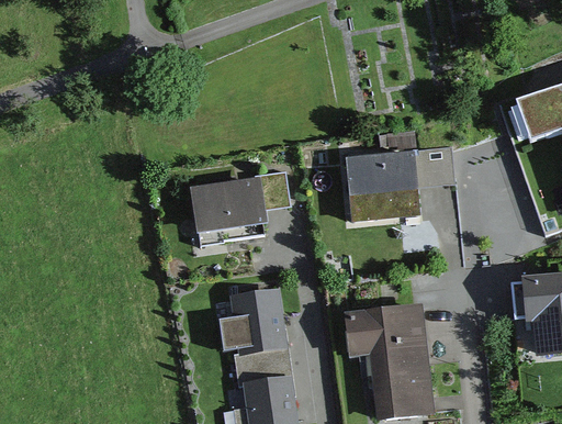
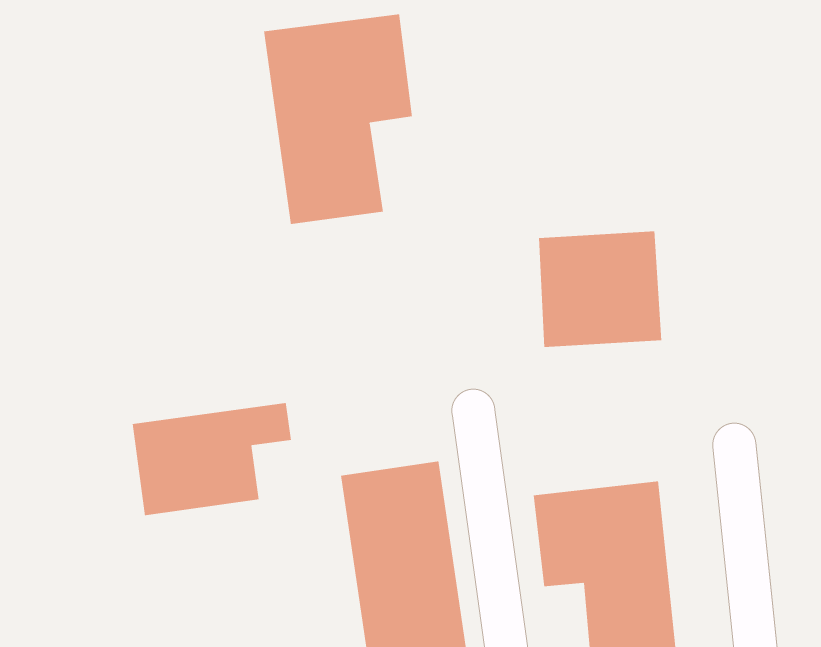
building: none -> [263,13,413,225]
building: [190,175,288,244] -> [132,402,292,516]

